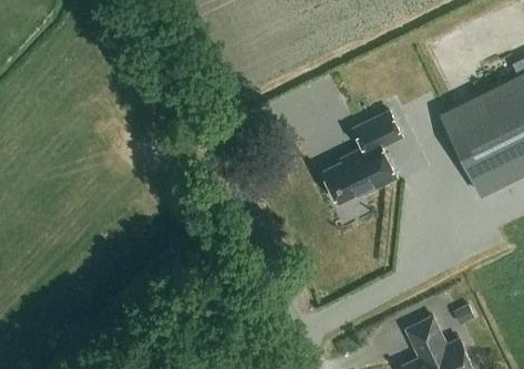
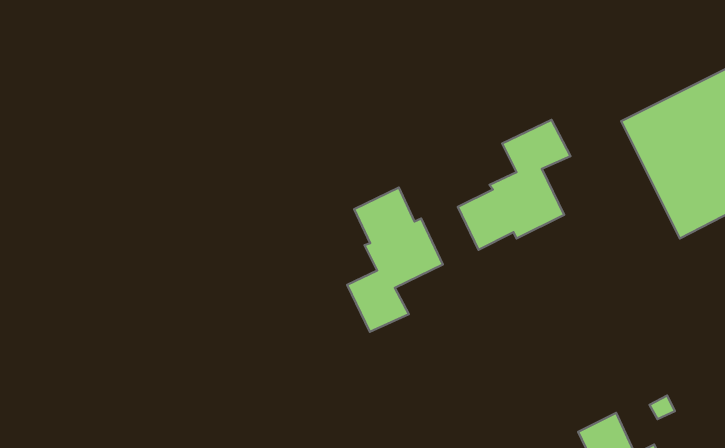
building: none -> [347,188,443,332]

